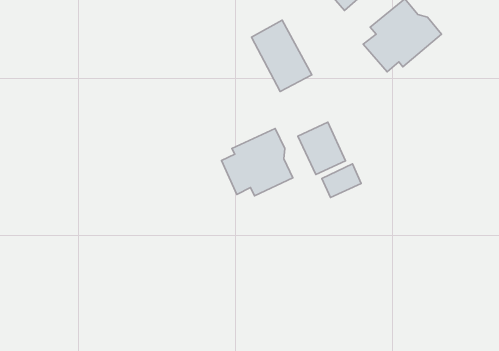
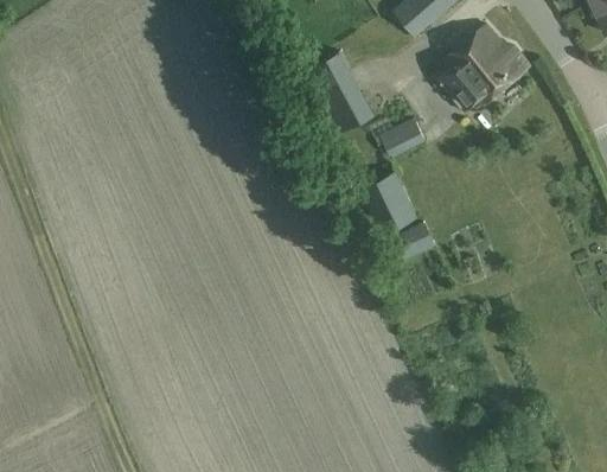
building: none -> [379,117,424,157]
building: [221,128,293,196] -> none

